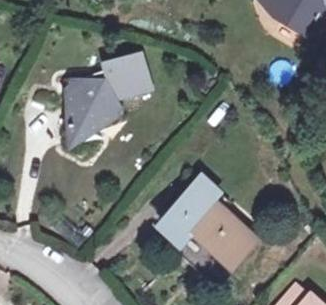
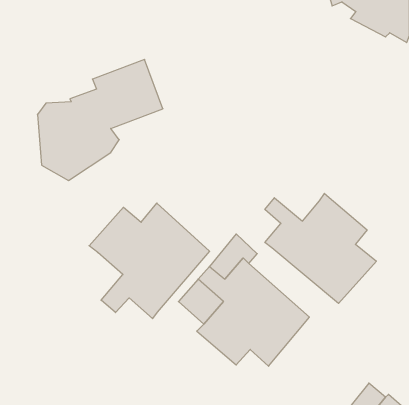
building: none -> [265,193,376,303]
building: none -> [89,203,210,319]

